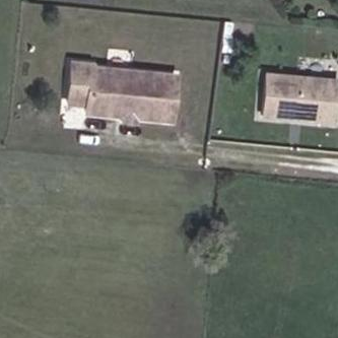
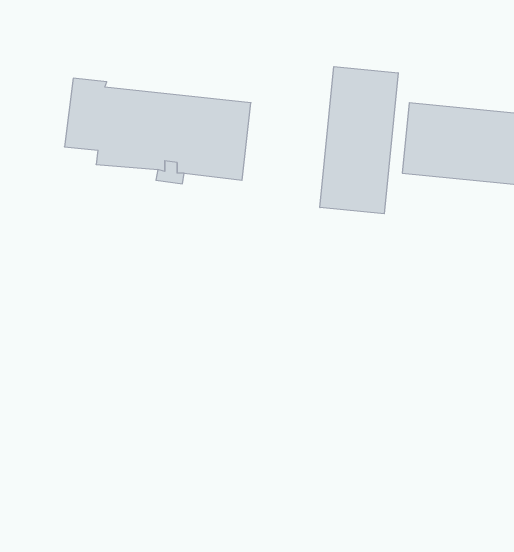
building: none -> [320,67,398,214]

